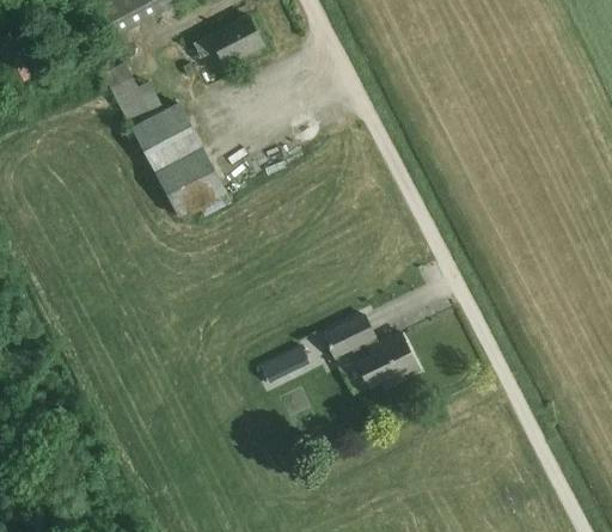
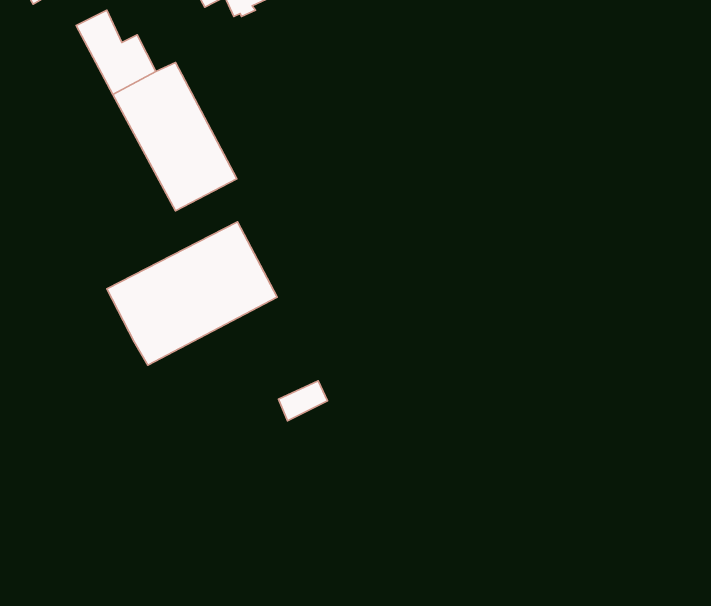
building: none -> [107,222,277,365]
building: [323,314,420,386] -> none

